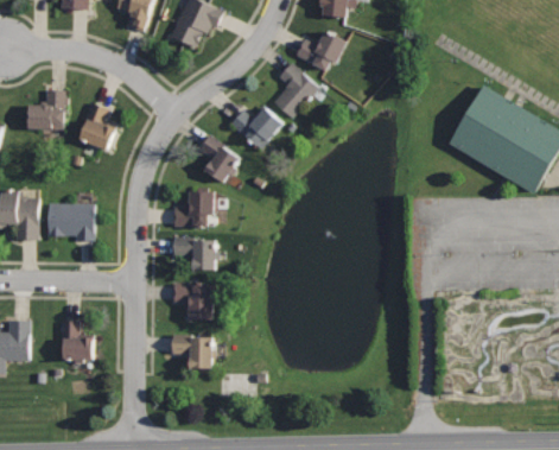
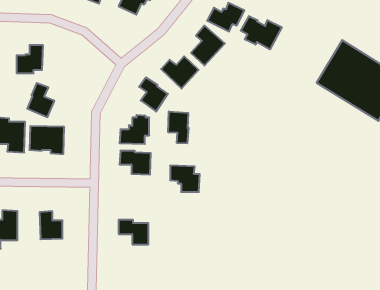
building: none -> [241,16,282,49]
building: [77,103,115,151] -> [27,83,54,117]
building: none -> [168,111,189,143]
building: [171,284,212,321] -> [170,166,200,192]

